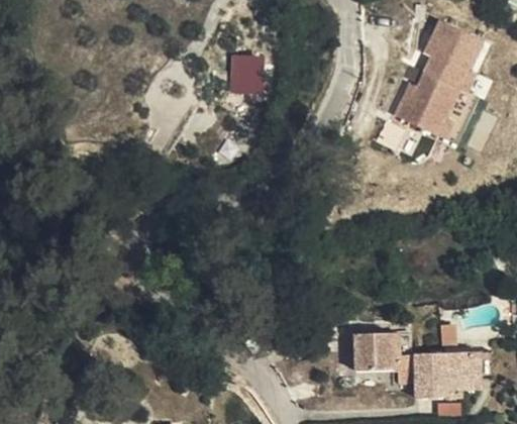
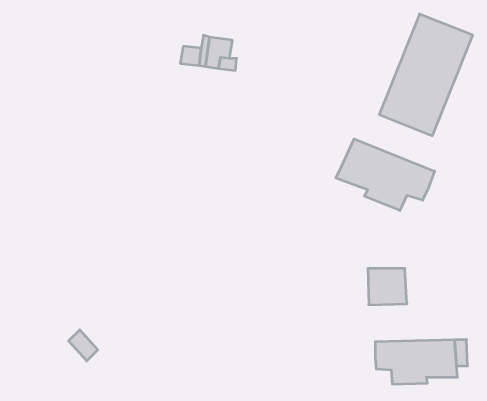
building: none -> [336,139,435,211]
building: [349,333,389,369] -> [368,269,407,305]

